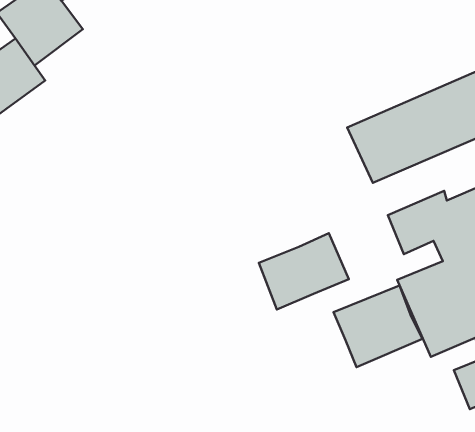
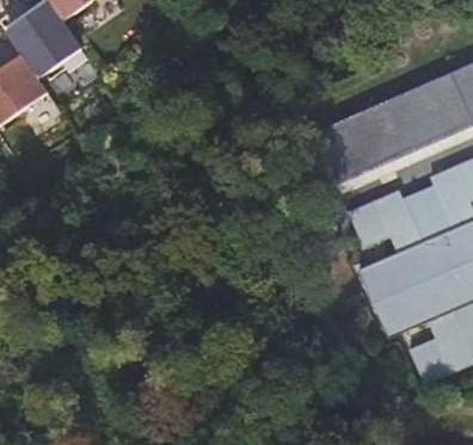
building: [259,233,349,309] -> none
building: [333,286,422,367] -> none

